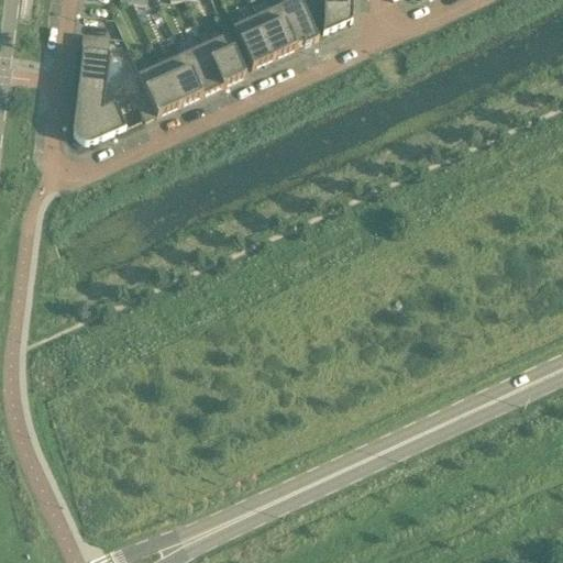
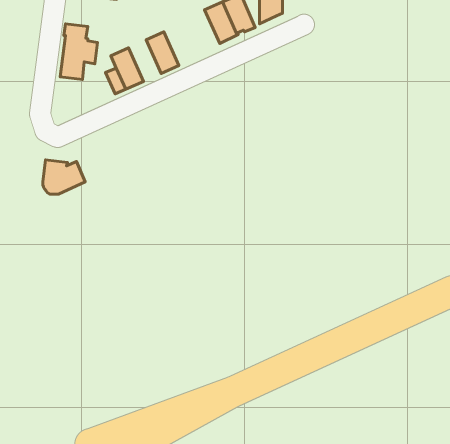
building: [235,12,276,64] -> none
building: [207,30,247,81] -> none
building: [163,49,203,101] -> none
building: [75,96,128,139] -> [43,160,85,194]

